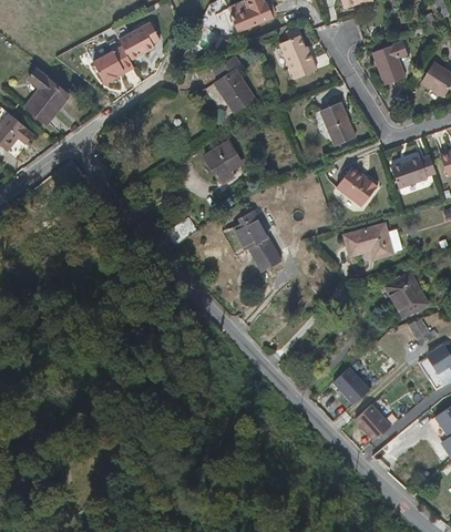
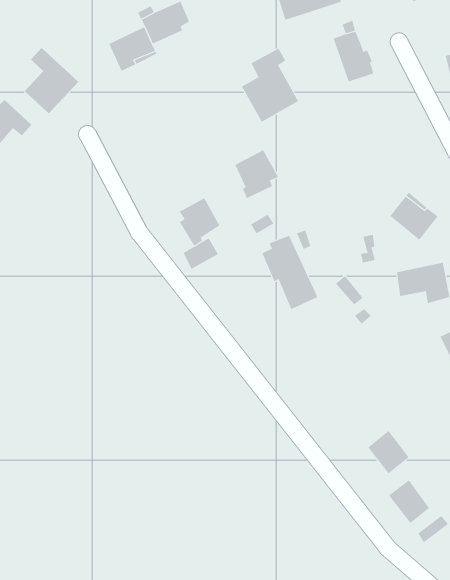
building: [321,102,356,144] -> none
building: none -> [179,198,220,246]

